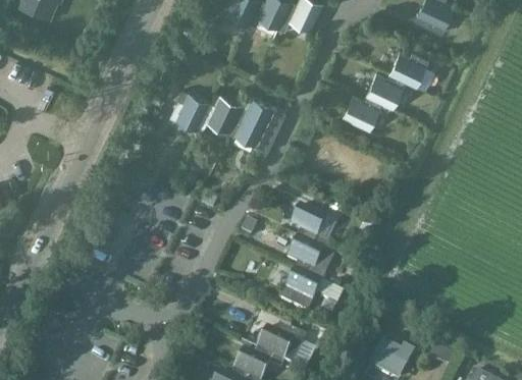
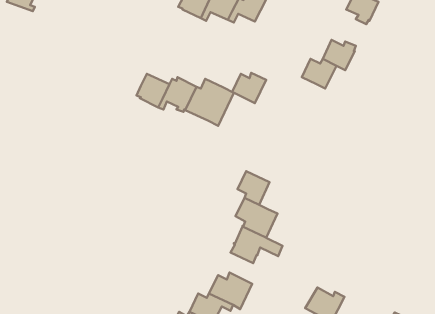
building: [342,97,381,132] -> [232,73,266,103]

